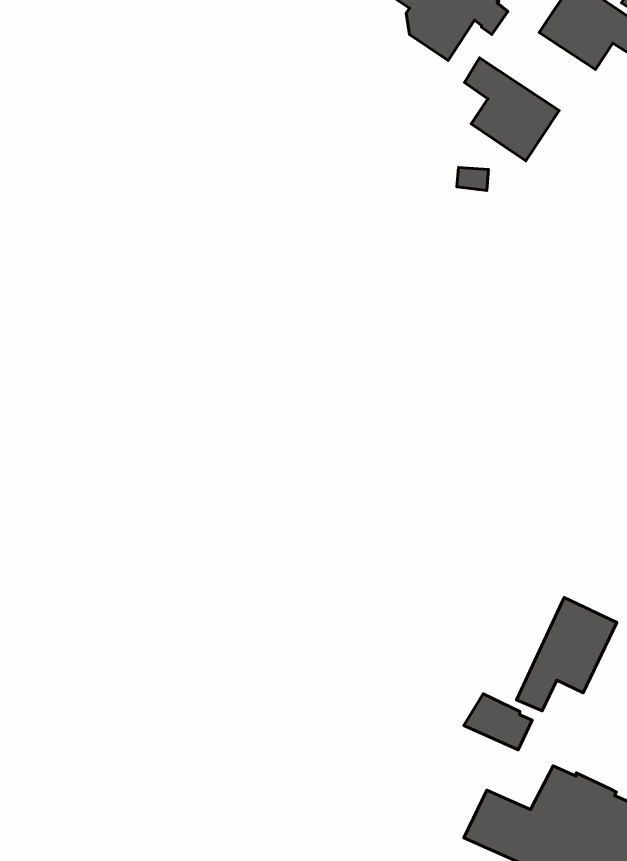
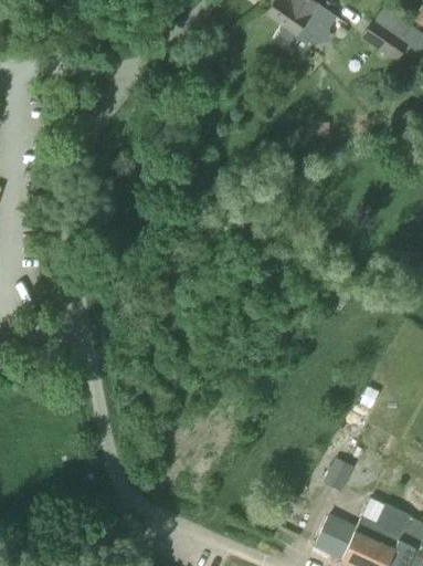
building: [464,58,559,161] -> none
building: [516,598,617,711] -> none

